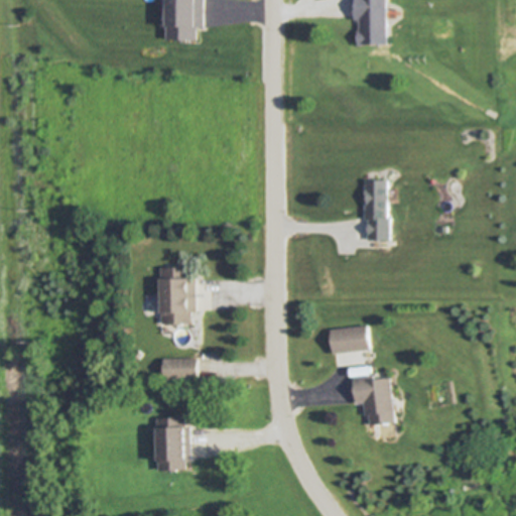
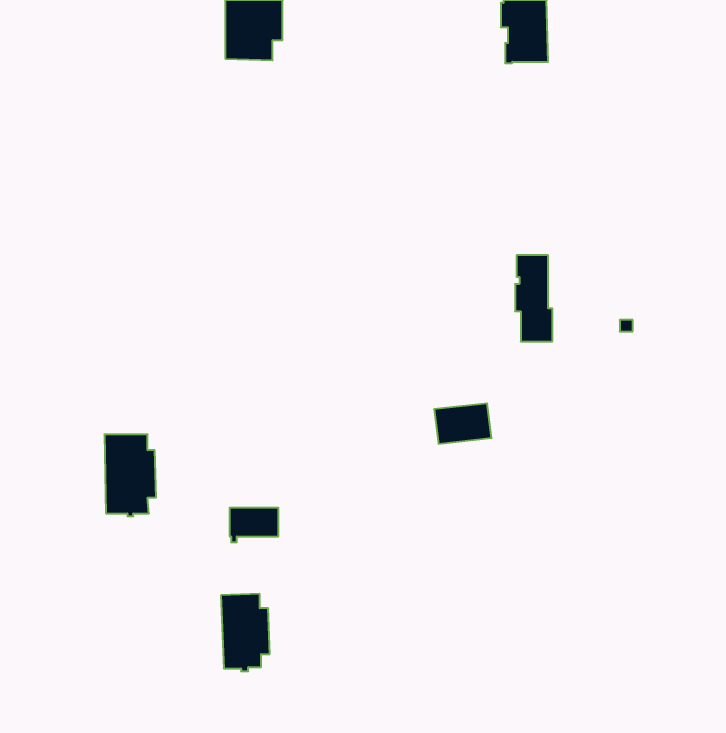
building: [159,267,196,325] -> [104,434,156,516]
building: [329,324,369,352] -> [434,404,492,444]
building: [352,376,393,425] -> none

